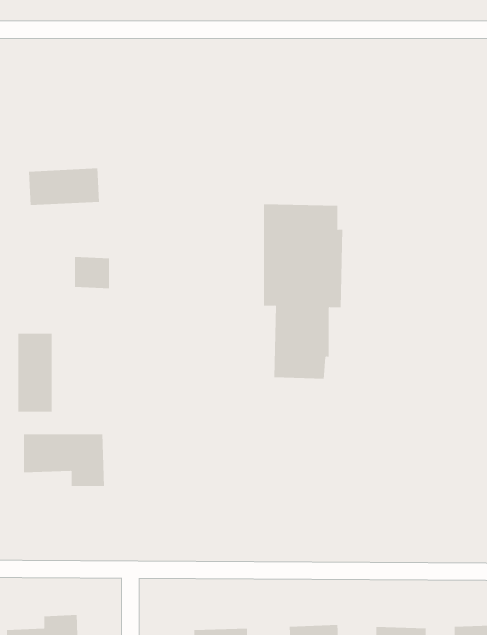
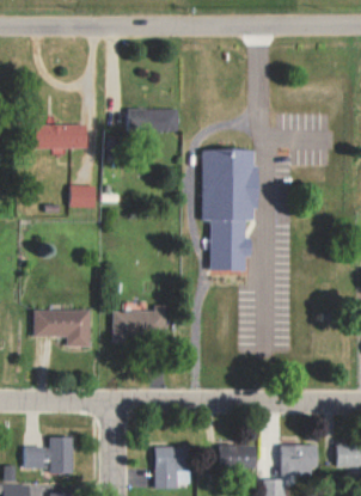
building: none -> [128,109,177,131]
building: [18,333,52,412] -> none
building: none -> [114,310,165,342]

